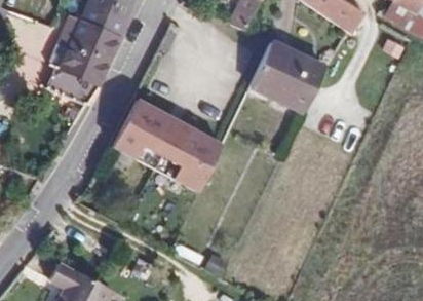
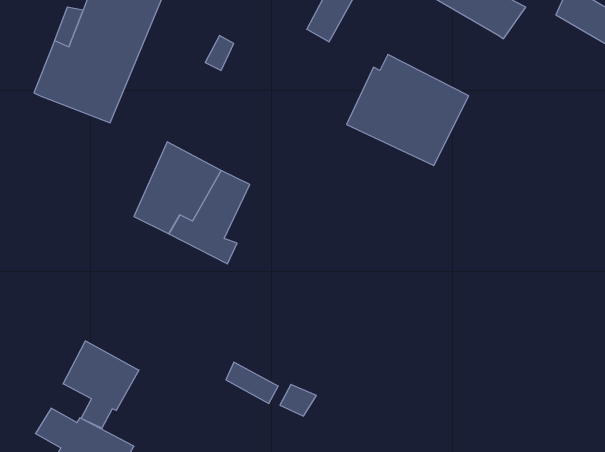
building: [46,64,99,101] -> none
building: [172,121,224,186] -> none
building: none -> [63,341,139,428]

